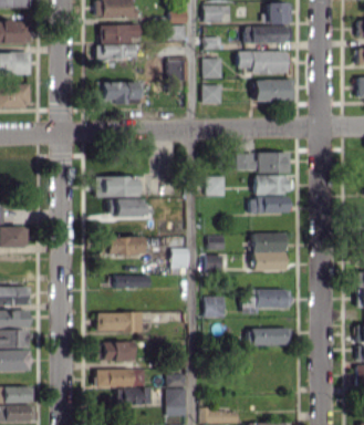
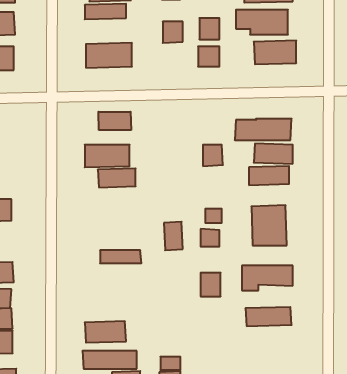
building: none -> [98,112,131,130]
building: [105,236,143,255] -> none
building: [96,312,142,331] -> none

